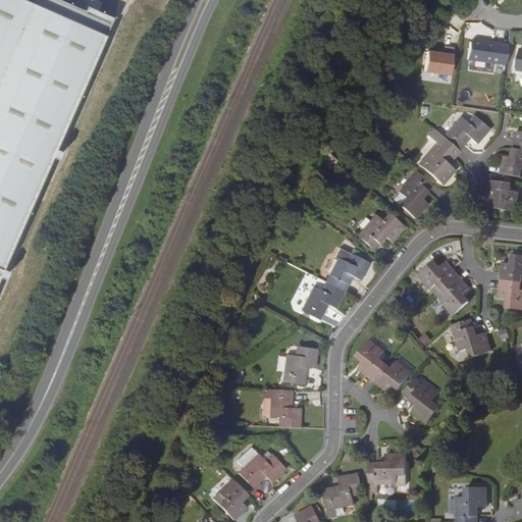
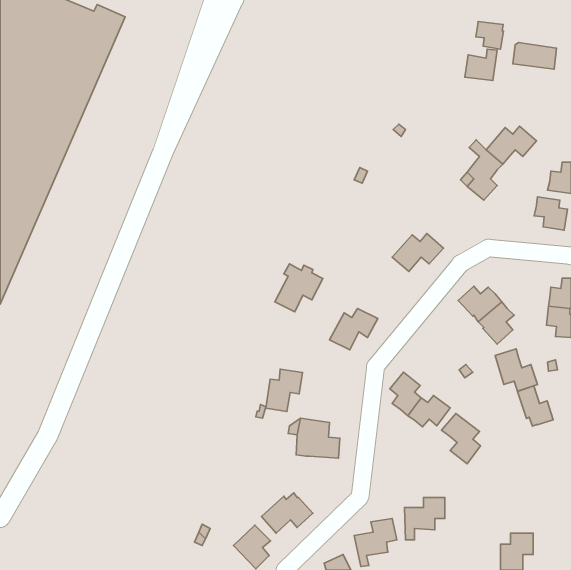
building: none -> [476,22,503,49]
building: [394,170,432,217] -> none
building: [326,247,370,291] -> [275,264,323,312]
building: [283,345,317,383] -> [266,369,303,412]
building: none -> [517,386,553,426]

